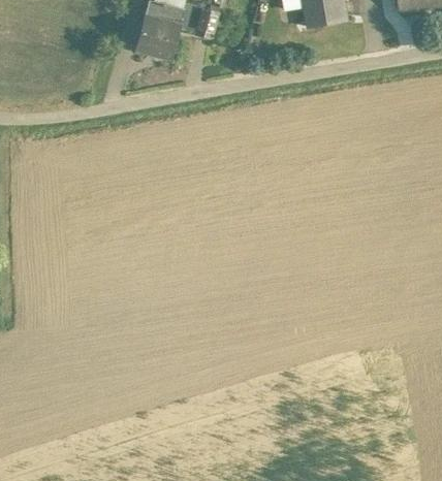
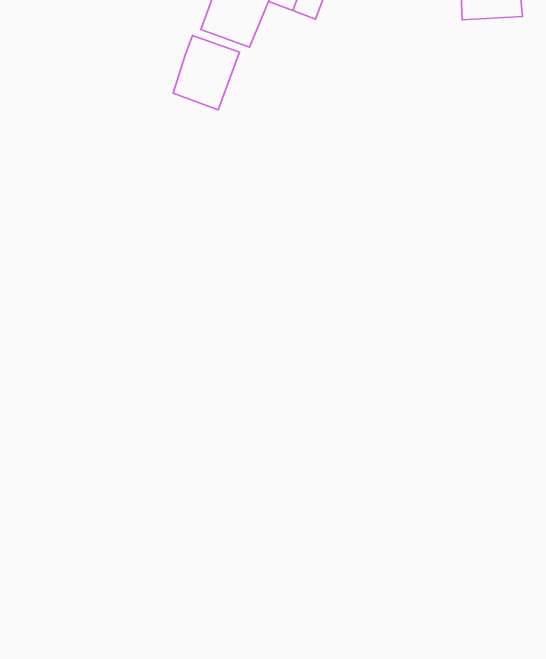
building: none -> [173,36,239,110]

